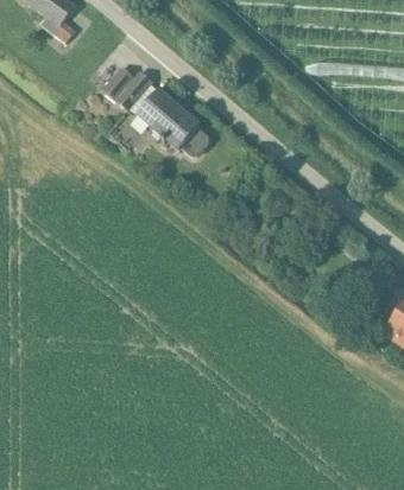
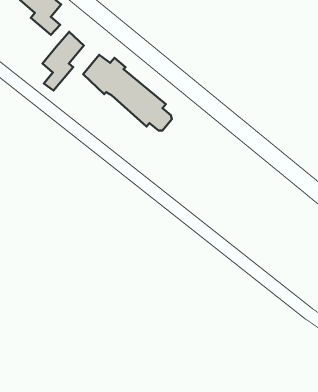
building: none -> [42,32,84,91]

